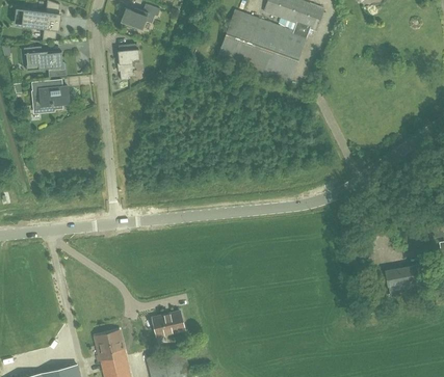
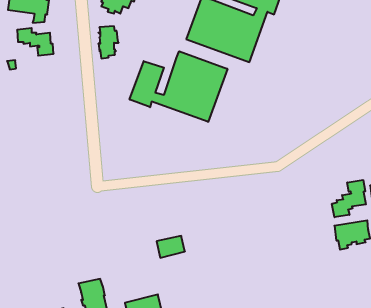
building: none -> [130,51,227,122]
building: [31,81,69,111] -> none
building: none -> [332,180,366,217]
building: [152,312,184,336] -> [157,236,185,258]

